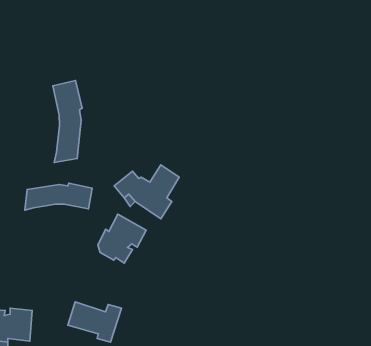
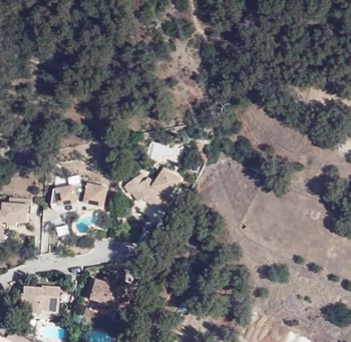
building: [53,81,82,162] -> none
building: [98,214,146,263] -> none

